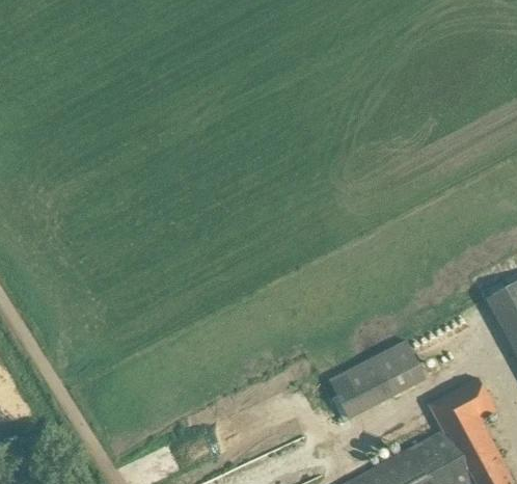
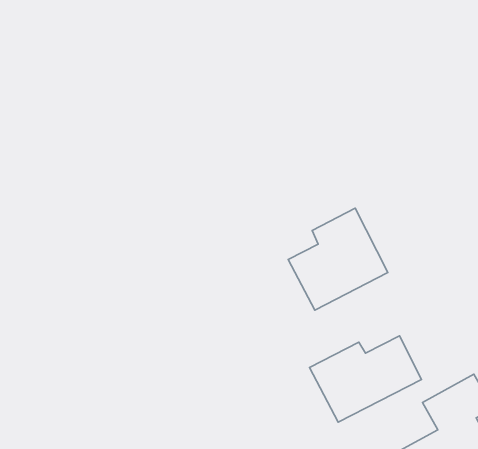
building: none -> [288,208,388,310]

